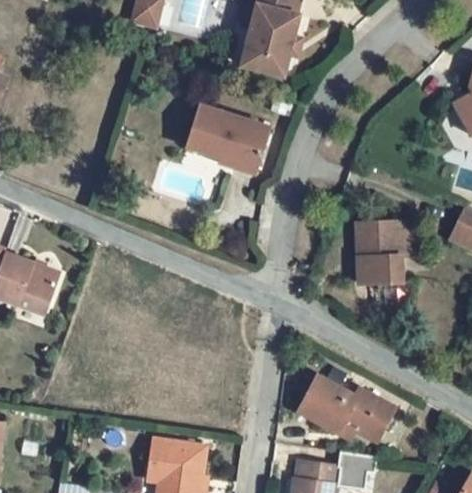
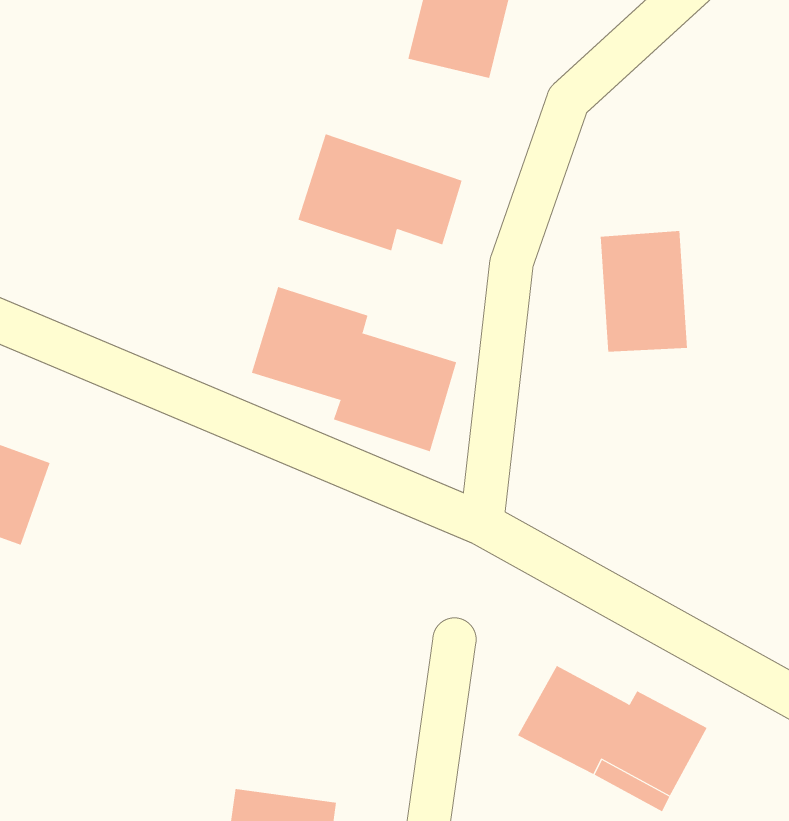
building: none -> [251,286,457,452]
building: [356,222,401,284] -> [600,231,688,352]

